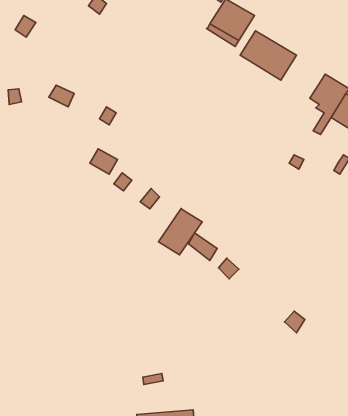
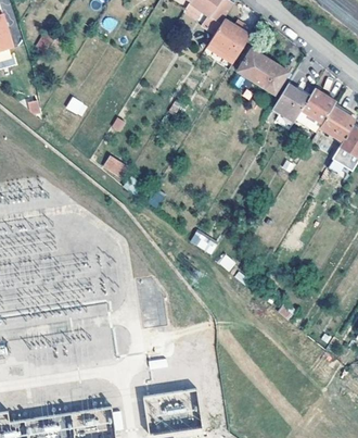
building: none -> [272,84,308,129]
building: [159,209,202,255] -> none

